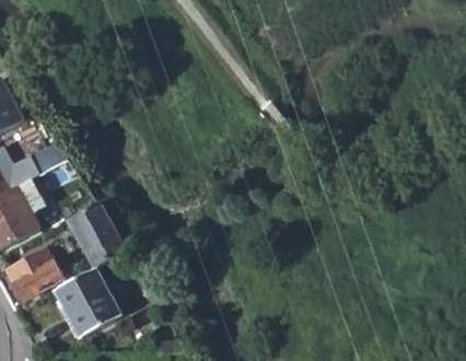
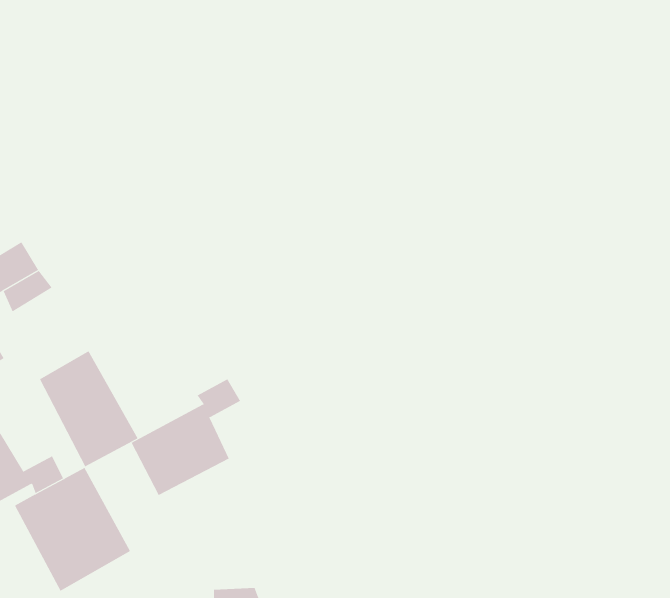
building: none -> [131,379,241,496]

